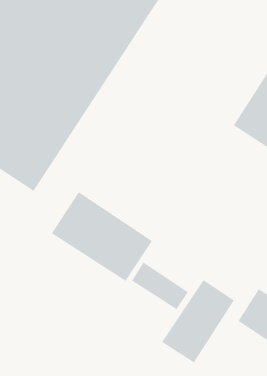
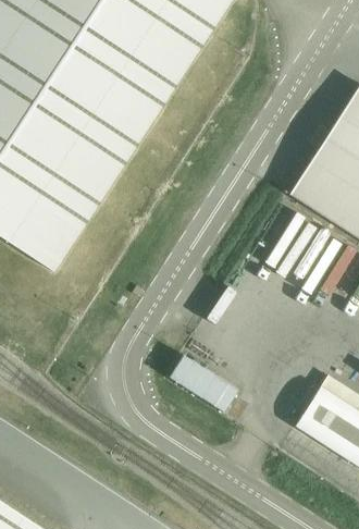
building: [51,191,153,282] -> none
building: [161,279,235,364] -> none

